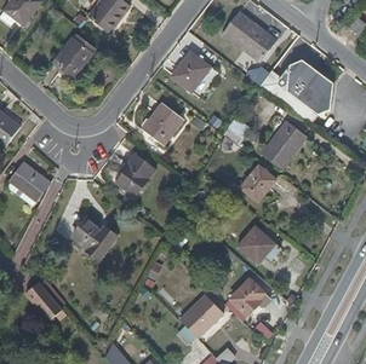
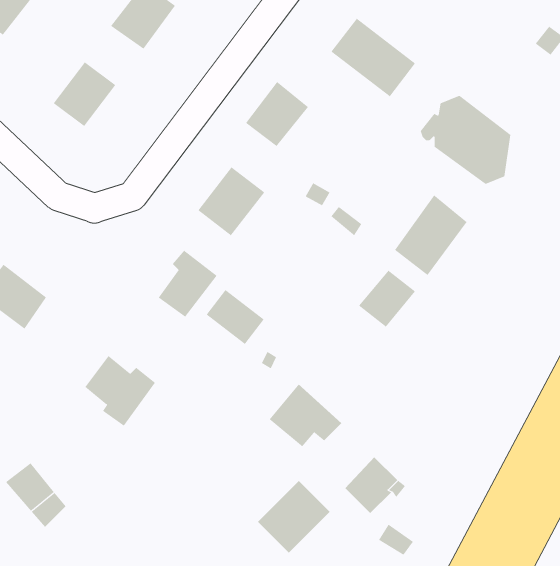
building: none -> [206,289,265,345]
building: [236,225,281,264] -> [269,383,342,447]

